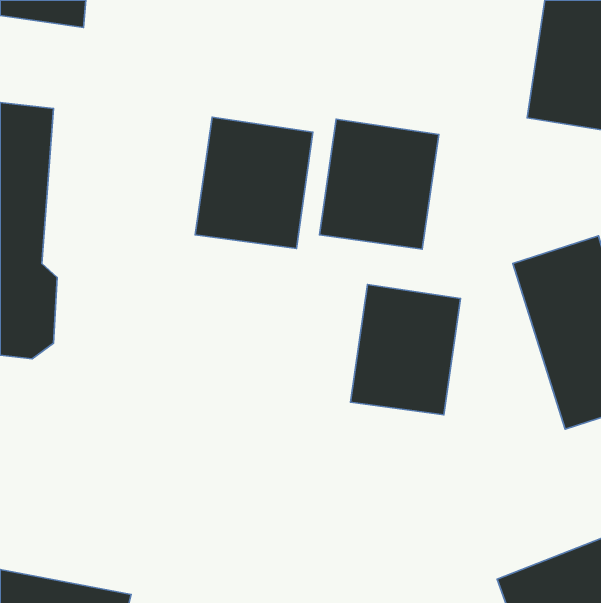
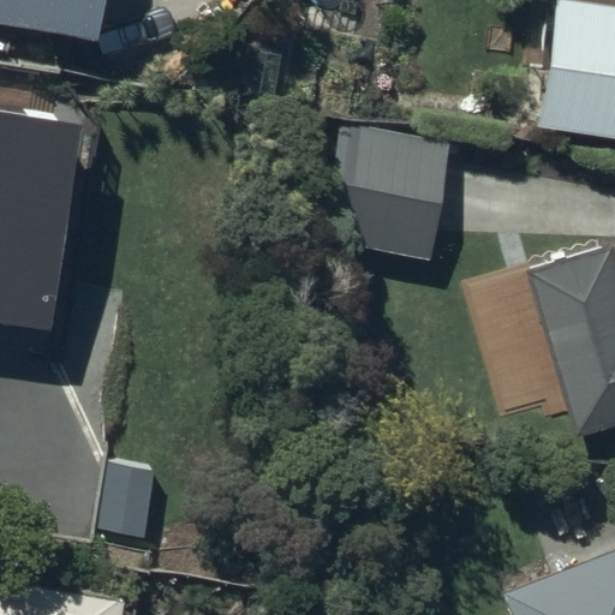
building: [195,117,313,249] -> none
building: [351,285,460,415] -> none

